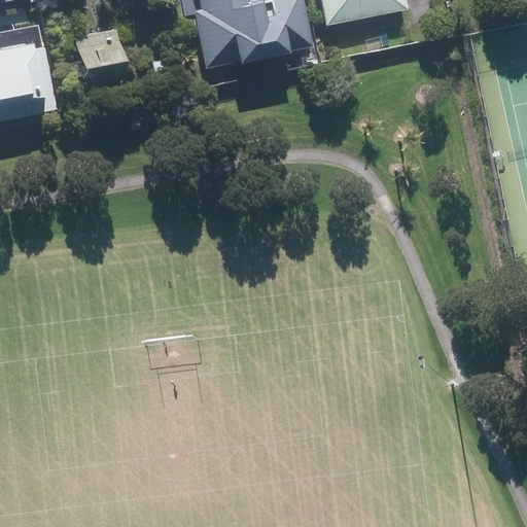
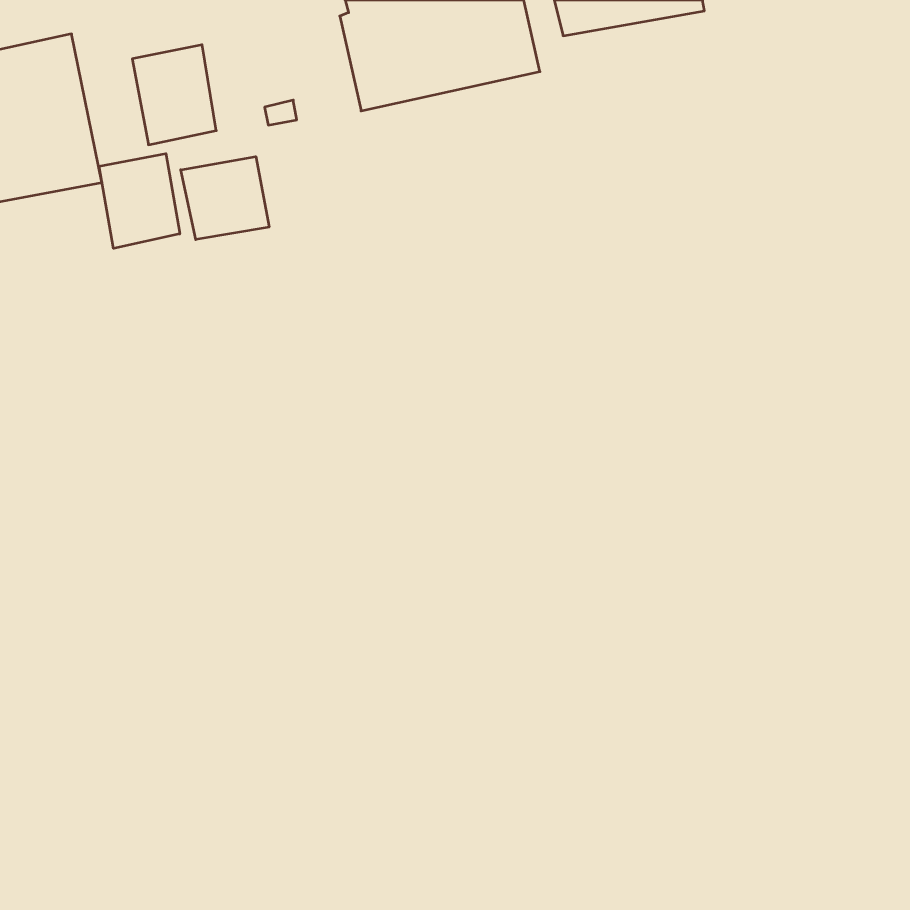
building: none -> [99,154,180,248]
building: none -> [181,157,269,240]

